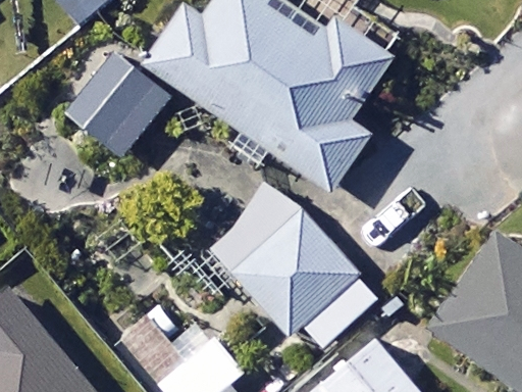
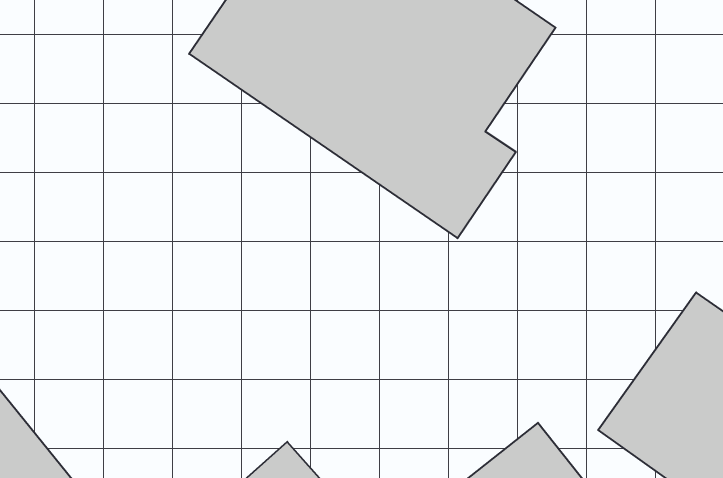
building: [62,51,168,156] -> none
building: [210,186,379,350] -> none

